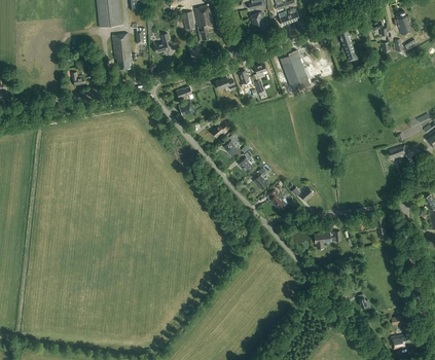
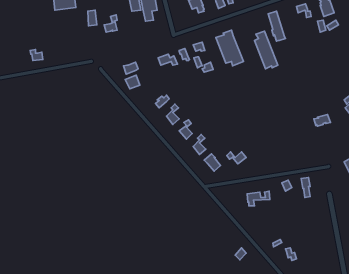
building: [112,33,131,69] -> none
building: none -> [254,31,278,69]

